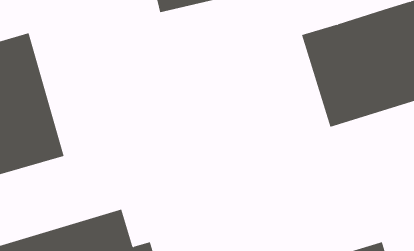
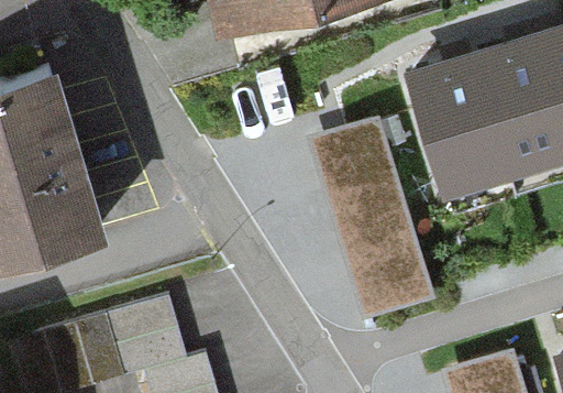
building: none -> [308,114,437,320]

